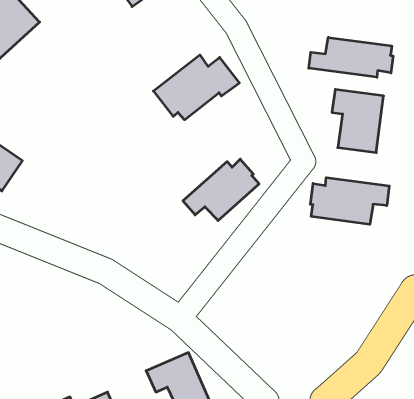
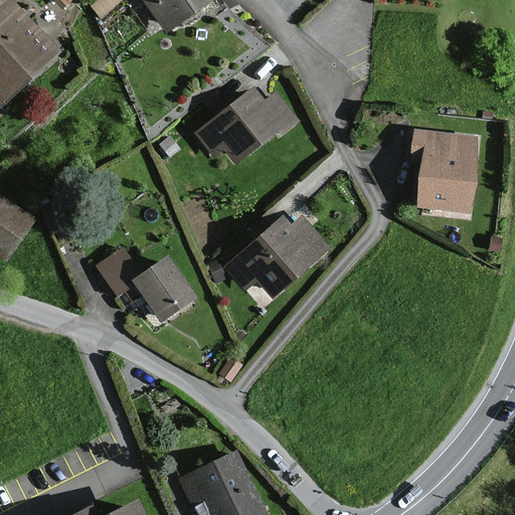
building: [309,37,393,77] -> none
building: [310,178,389,224] -> none
building: none -> [101,252,191,318]

